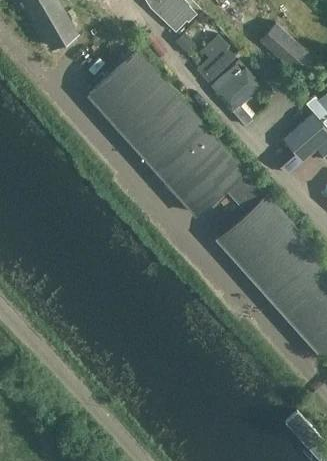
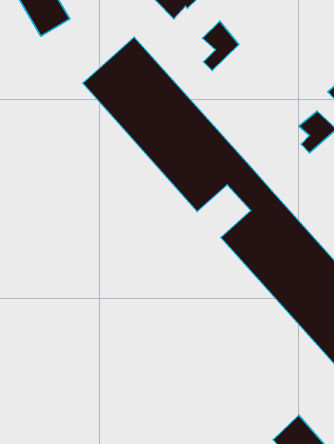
building: [257,22,314,79] -> none
building: [209,64,261,113] -> none

